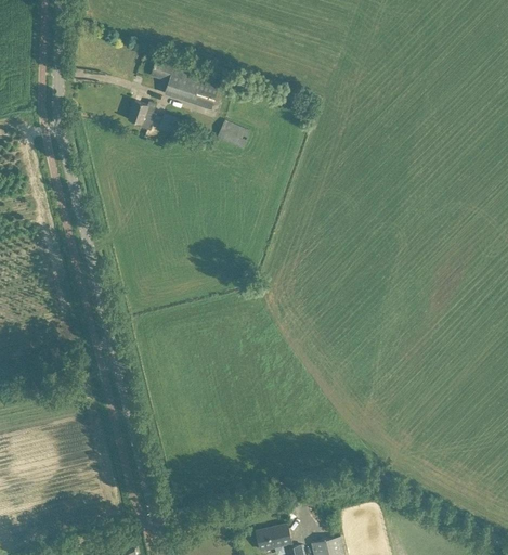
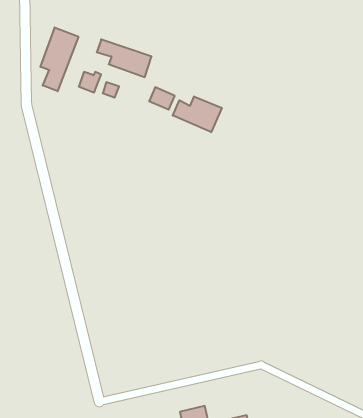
building: none -> [40,27,78,91]
building: none -> [173,96,222,132]

